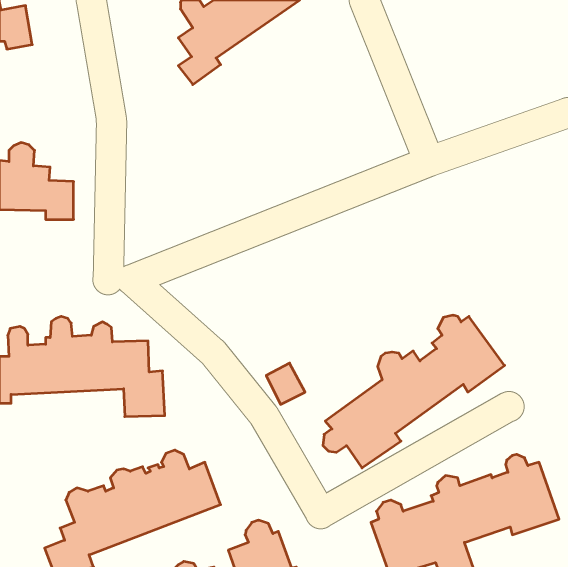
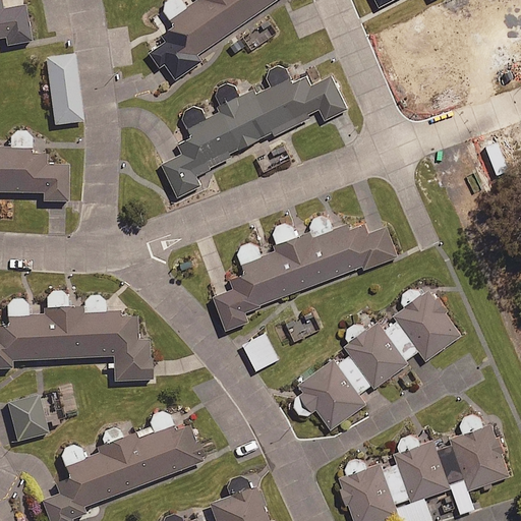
building: none -> [45,56,82,126]
building: none -> [163,65,346,196]
building: none -> [215,216,398,330]
building: none -> [8,397,62,442]

